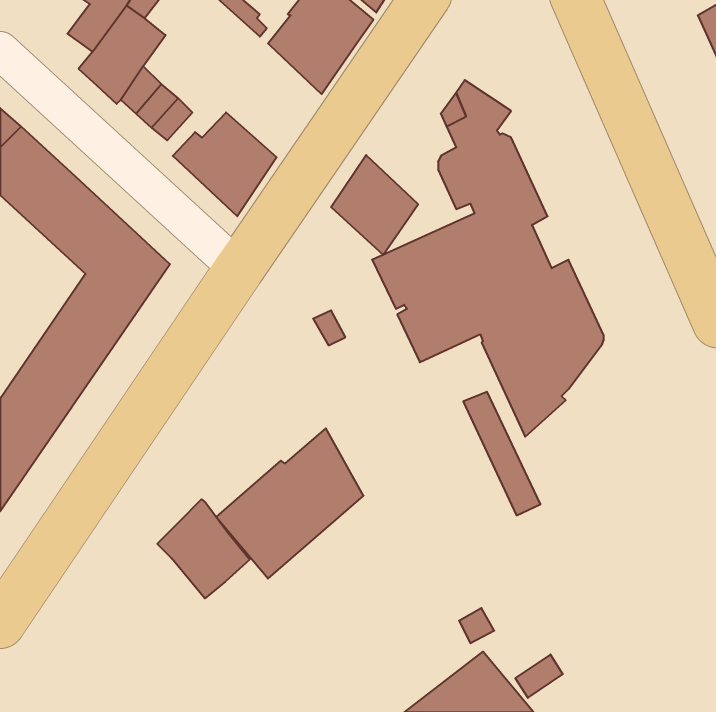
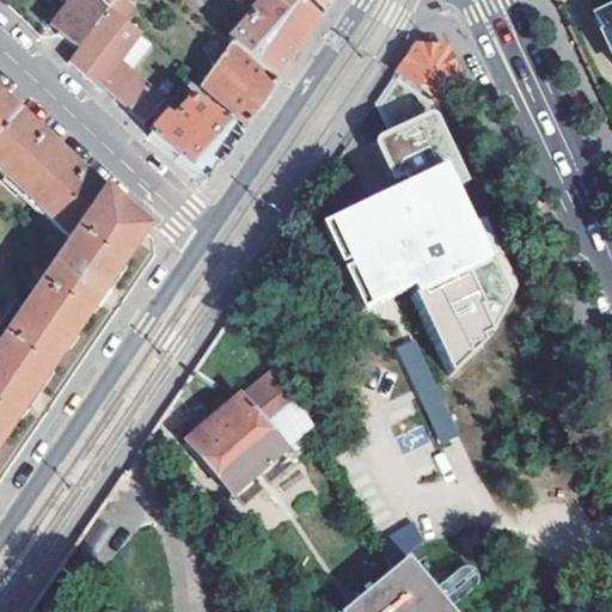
building: none -> [397,42,459,99]
building: [331,155,418,255] -> [201,38,275,123]
building: [157,499,250,598] -> none

